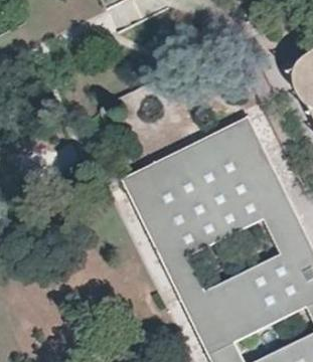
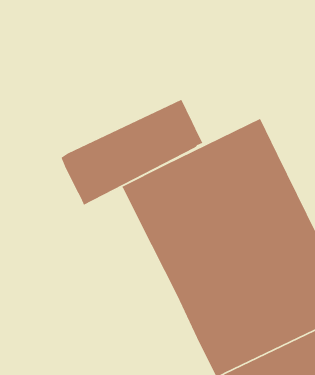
building: none -> [60,99,203,206]

